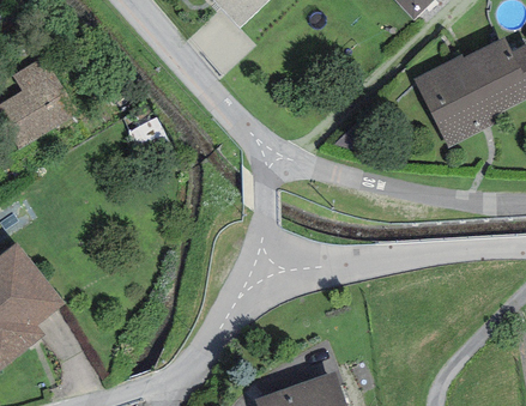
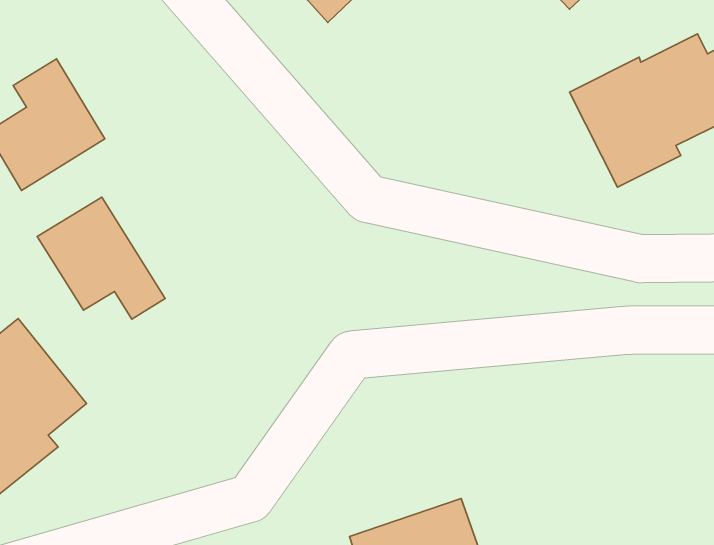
building: none -> [37,197,165,319]

